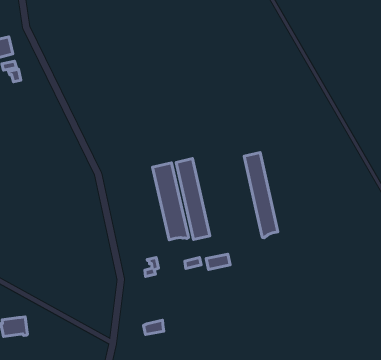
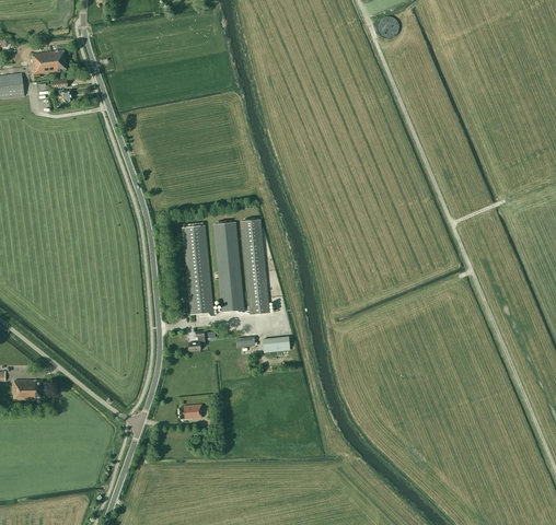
building: [244,152,278,238] -> none
building: none -> [182,224,215,315]

